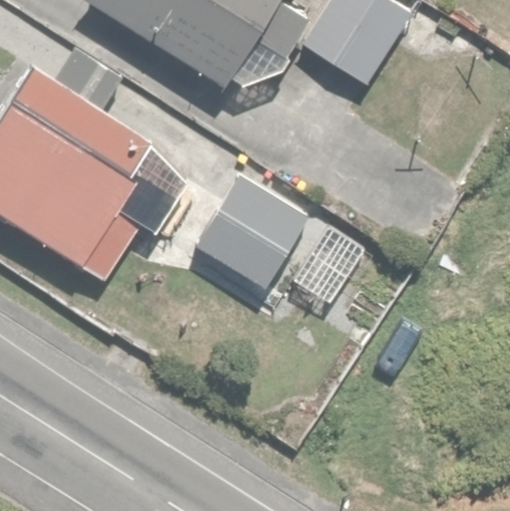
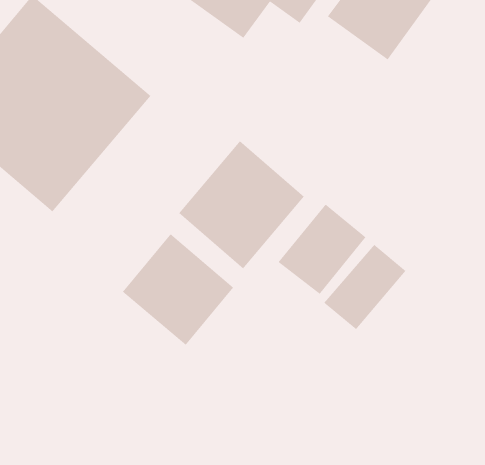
building: none -> [122,233,234,346]

